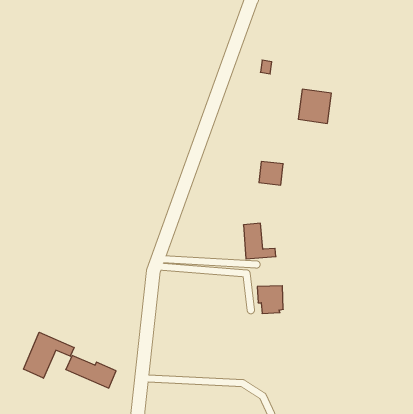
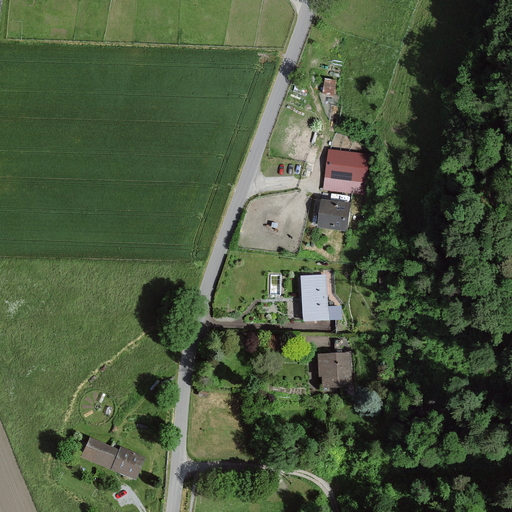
building: [298,89,331,123] -> [325,149,366,191]
building: [24,332,74,378] -> none

